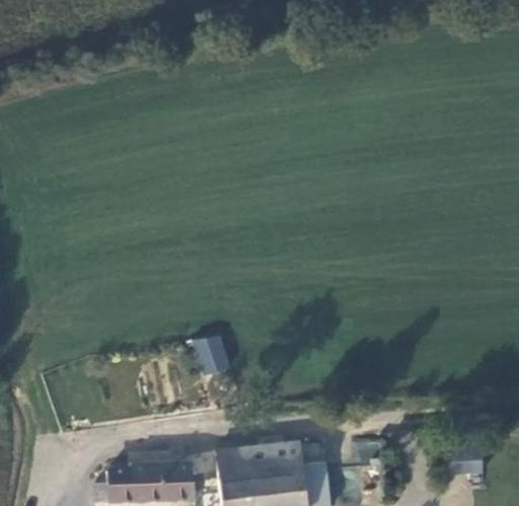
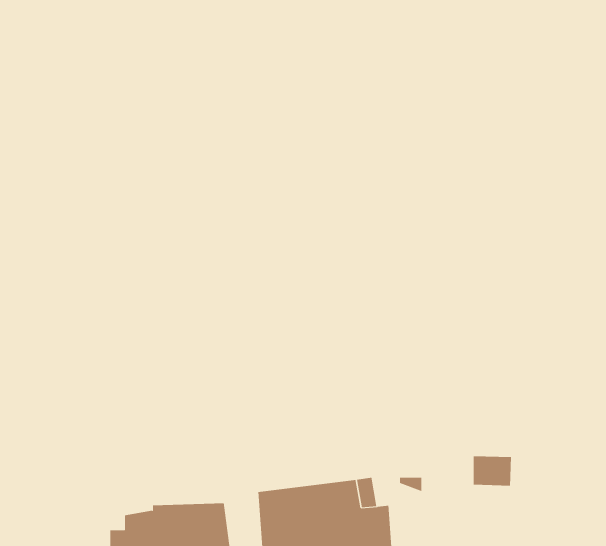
building: [193,338,230,377] -> none
building: [451,450,484,476] -> [473,456,512,486]

